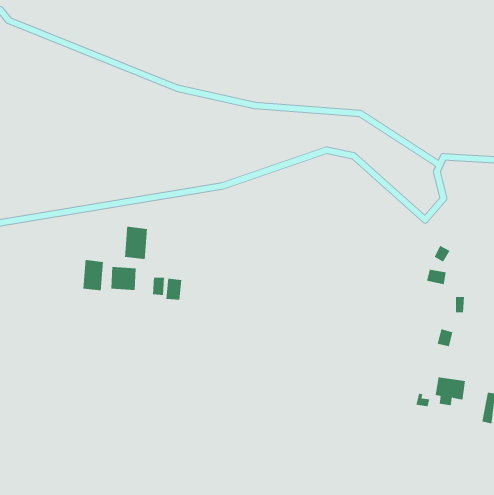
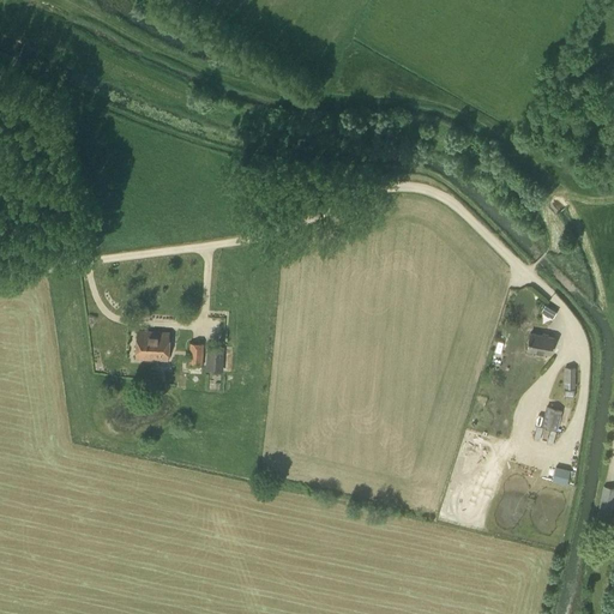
building: [124,226,148,260] -> none
building: [83,259,103,291] -> none

